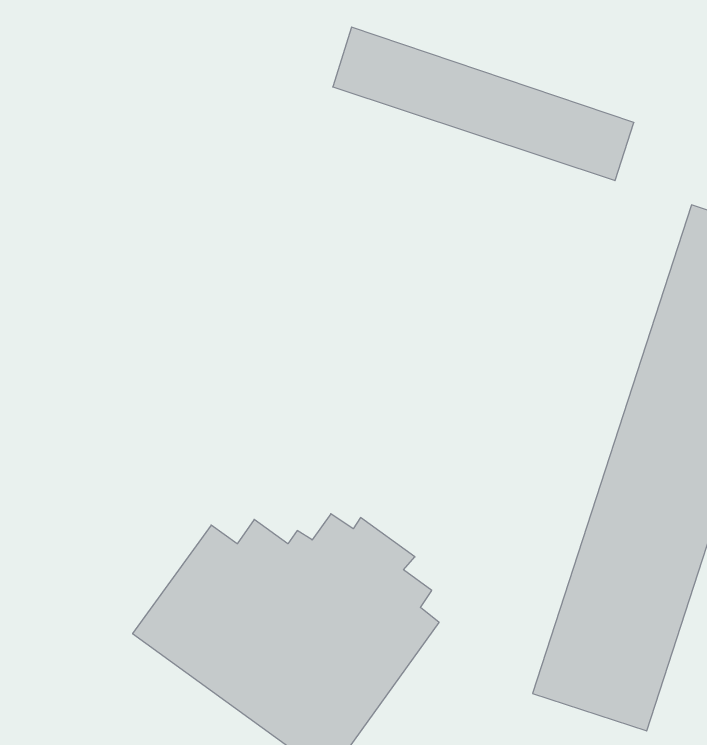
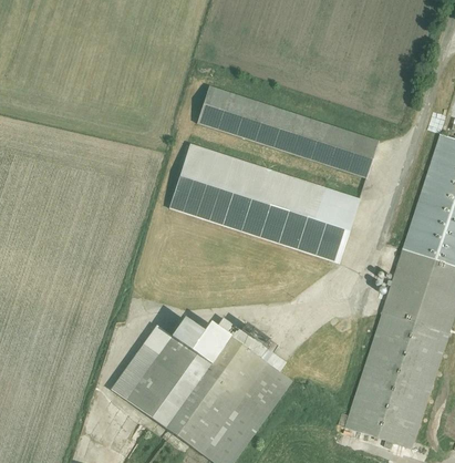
building: [333,27,634,181] -> [199,88,378,178]
building: none -> [170,144,361,263]

